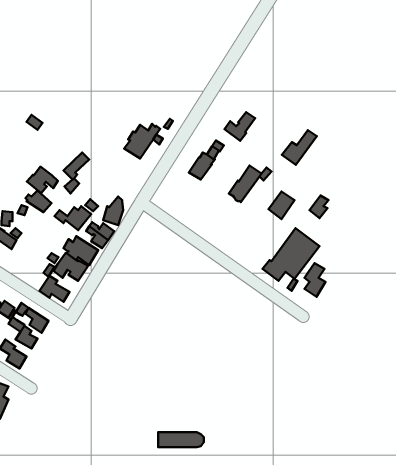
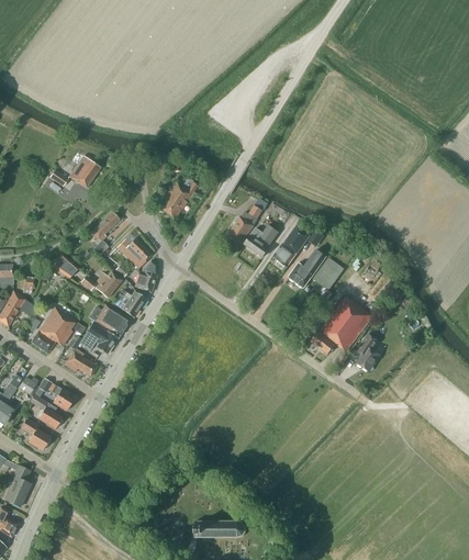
building: none -> [68,156,100,188]
building: [224,112,255,141] -> [244,225,278,257]
building: [282,130,317,165] -> [288,249,326,288]
building: [27,167,58,193] -> none
building: none -> [115,238,152,268]
building: none -> [31,306,75,352]

